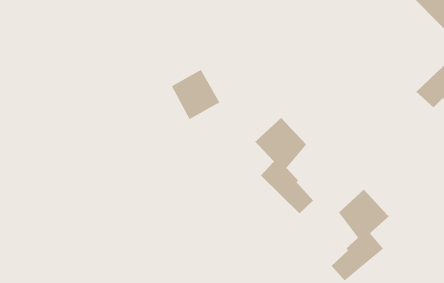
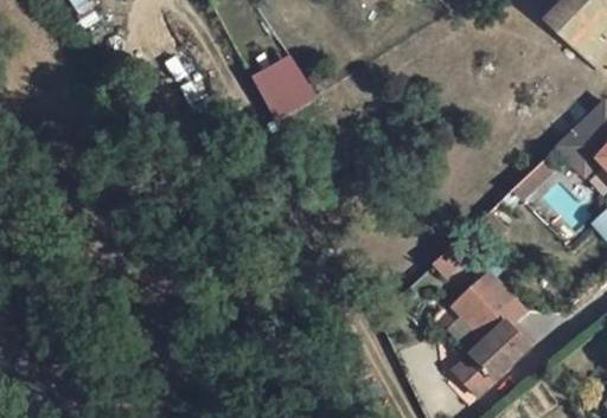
building: [171,69,220,120] -> [248,44,312,110]
building: [253,117,314,214] -> none

